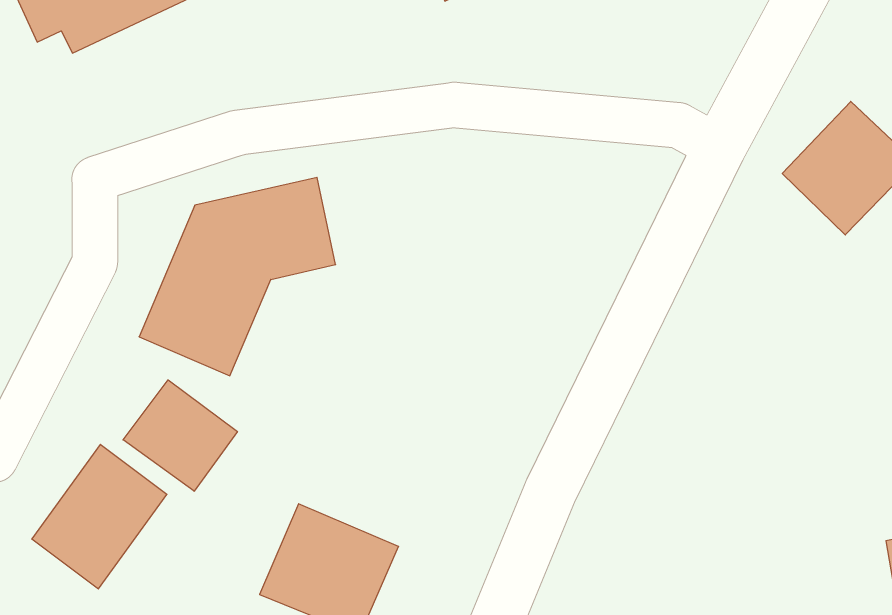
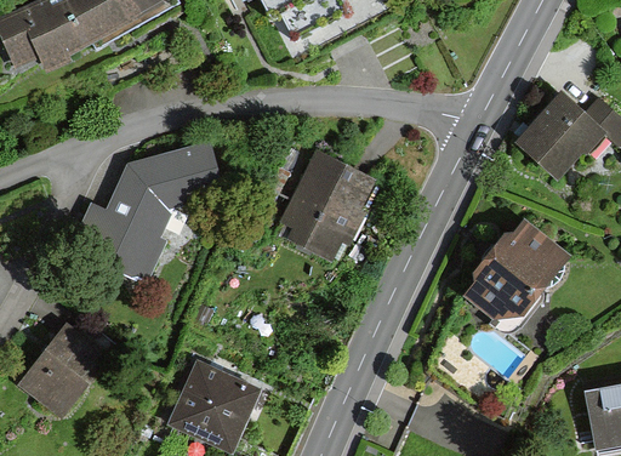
building: none -> [286,158,374,257]
building: none -> [458,226,560,334]
building: [123,380,237,491] -> none

